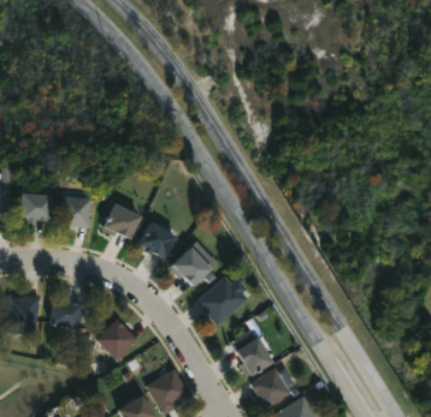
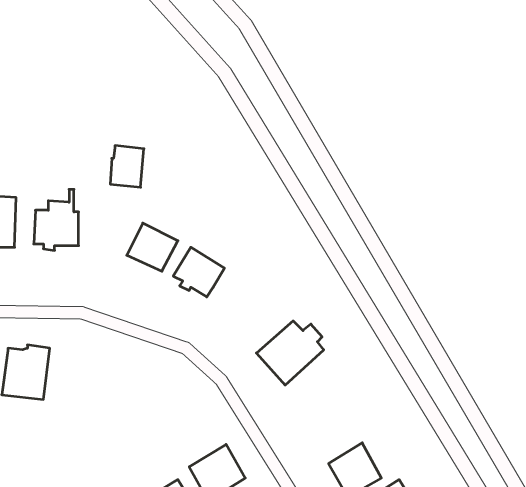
building: [67,196,93,227] -> [110,146,144,187]
building: [170,240,218,288] -> none
building: [48,297,79,328] -> none
building: [98,318,140,361] -> none
building: [230,329,271,376] -> none

